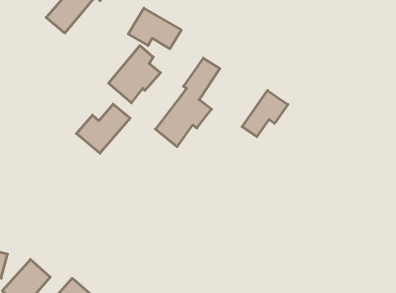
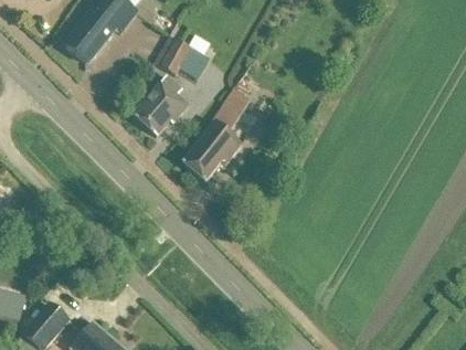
building: [242,90,288,137] -> none
building: [76,104,130,153] -> none

